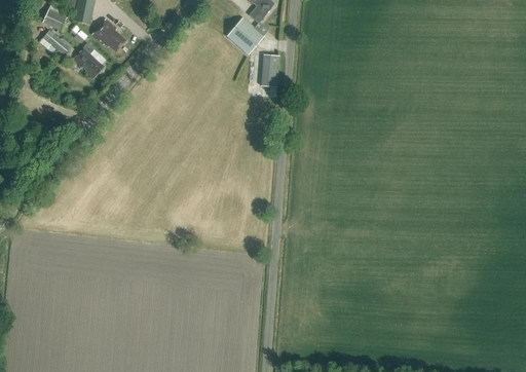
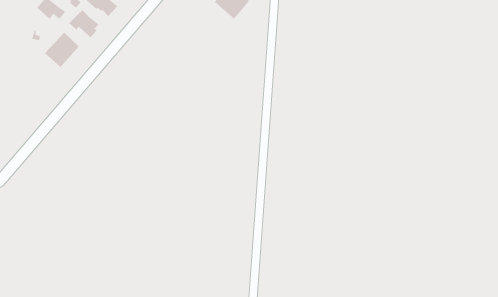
building: [262,54,279,87] -> none
building: none -> [44,32,79,68]

